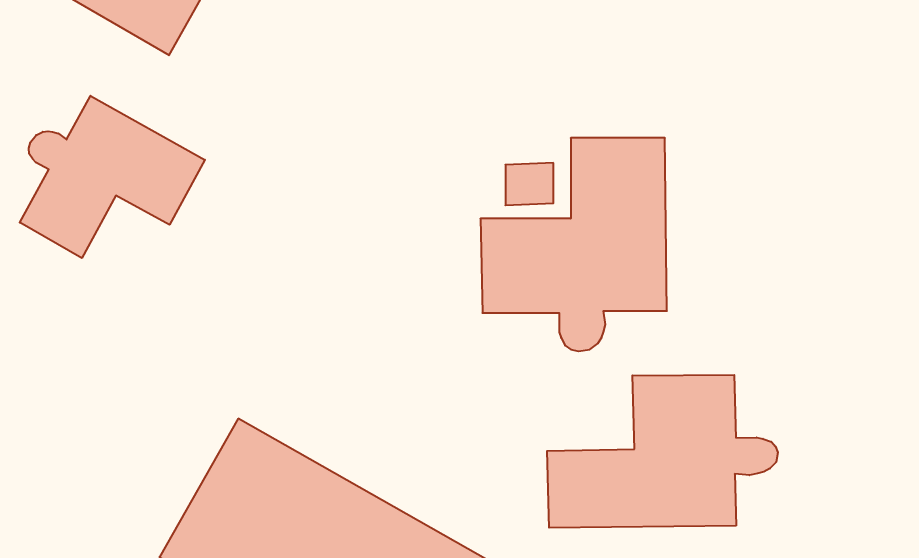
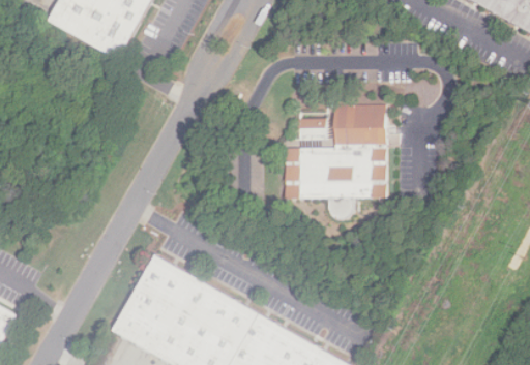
building: [20,96,205,258] -> none
building: [547,375,778,528] -> none

